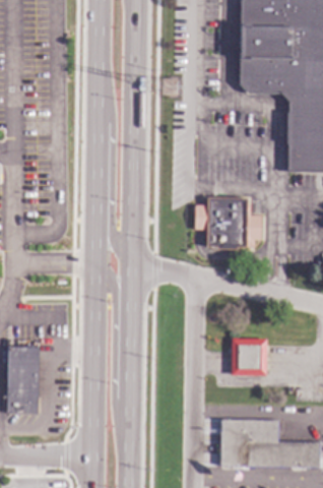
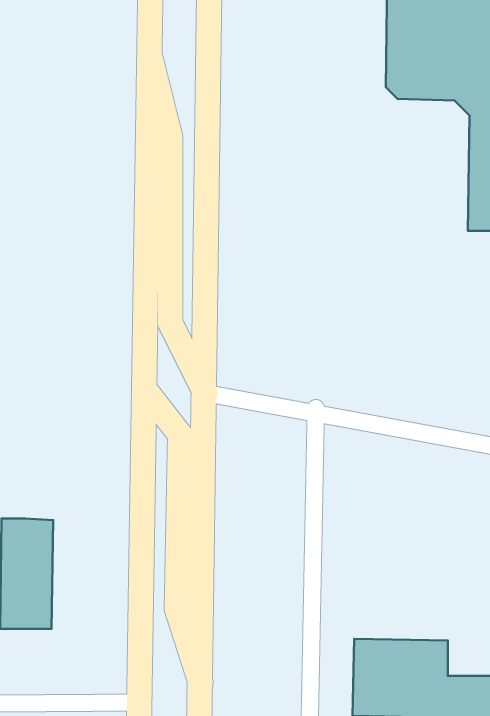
building: [194,196,261,246] -> none
building: [231,338,266,375] -> none

